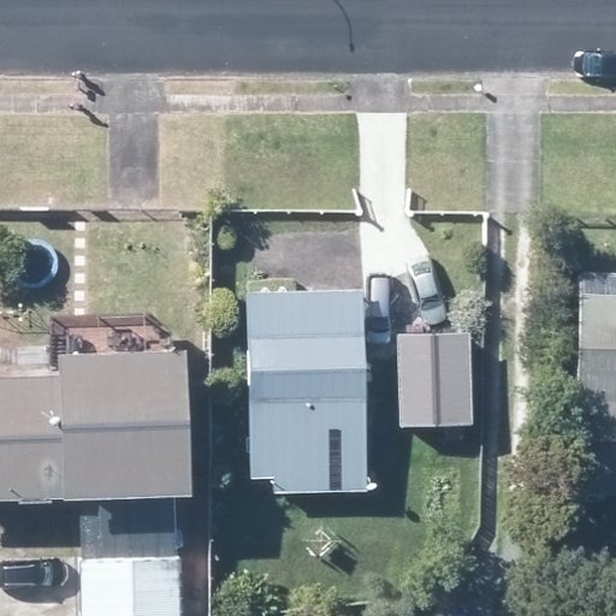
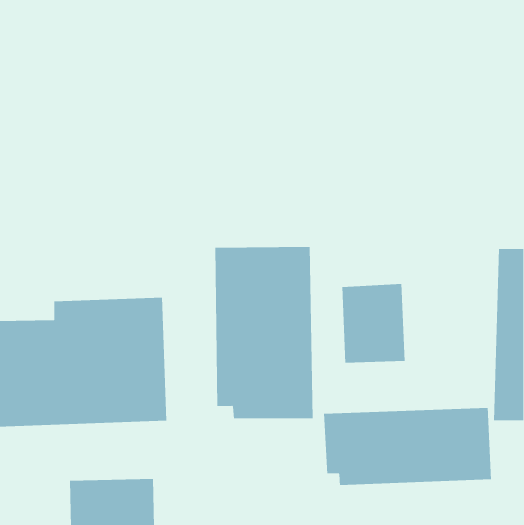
building: none -> [323,407,491,486]

